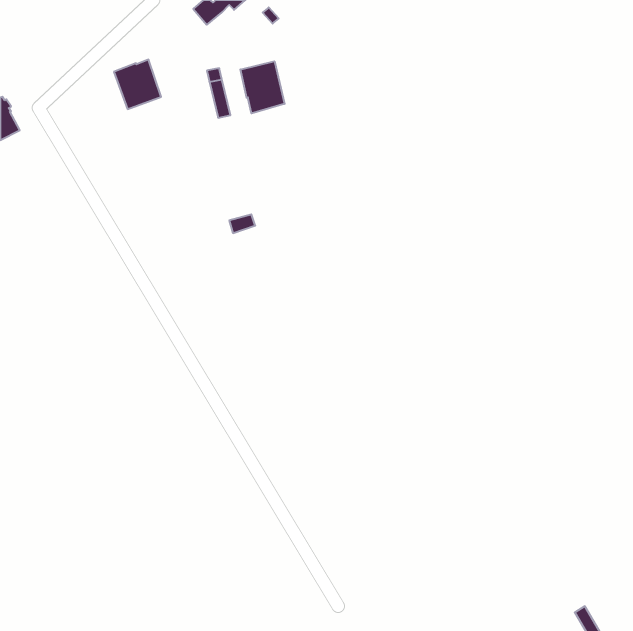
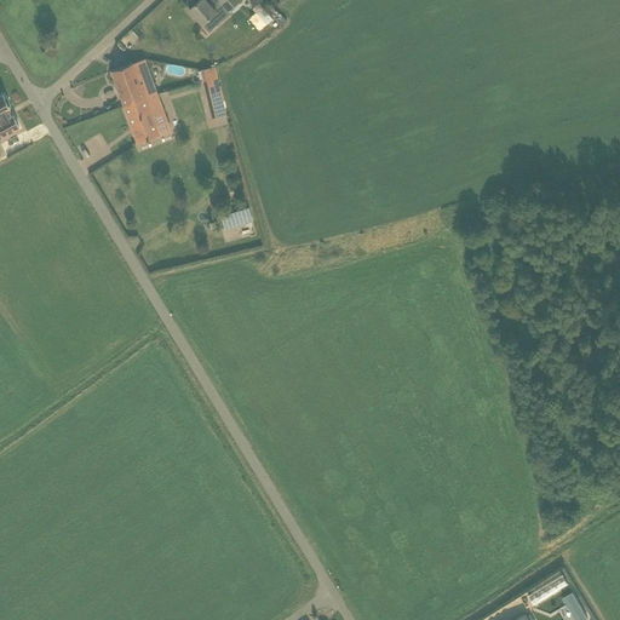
building: [240,61,285,113] -> none
building: none -> [125,97,165,144]

